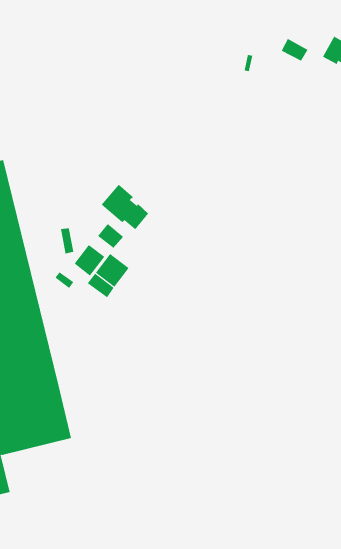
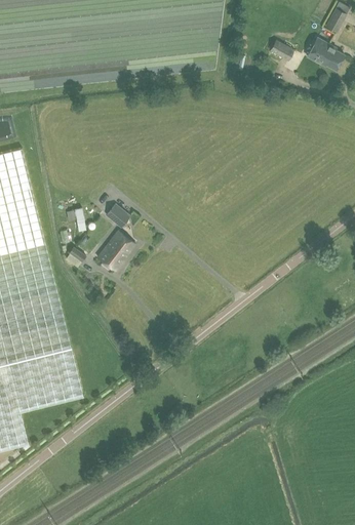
building: [101,184,149,230] -> none
building: [74,244,105,276] -> none

